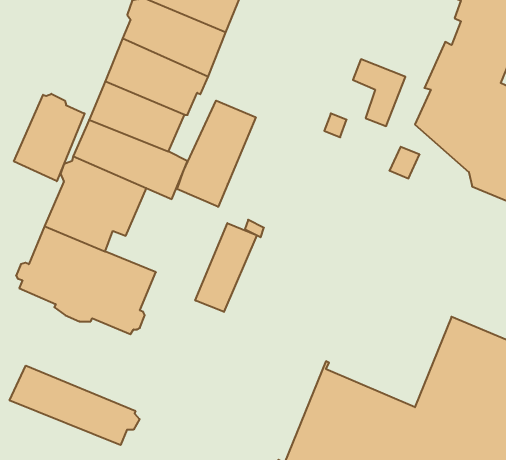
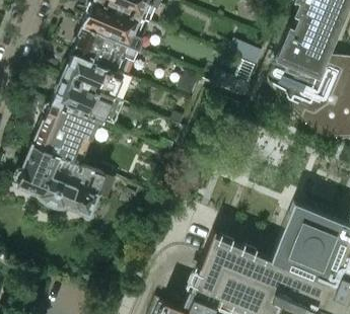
building: [14,94,85,181] -> none
building: [177,101,256,207] -> none
building: [195,223,257,312] -> none
building: [10,366,140,445] -> none

